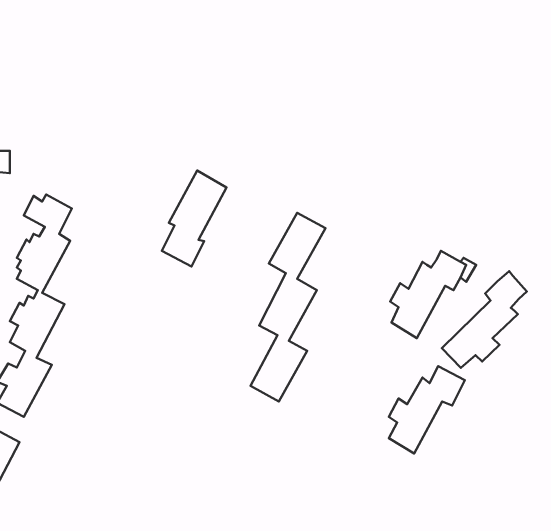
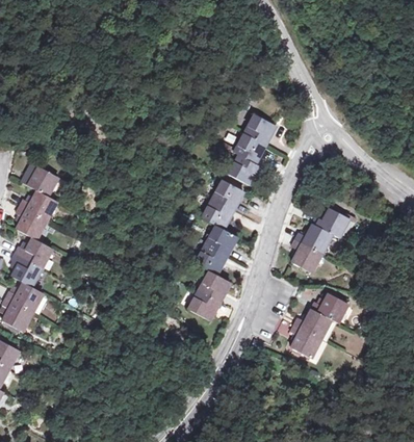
building: [162,171,227,266] -> [229,113,277,184]
building: [442,271,527,368] -> none

